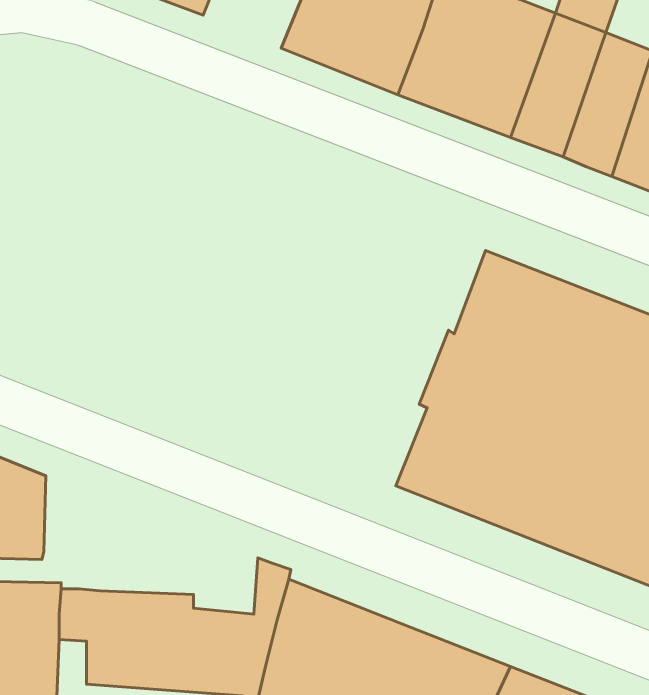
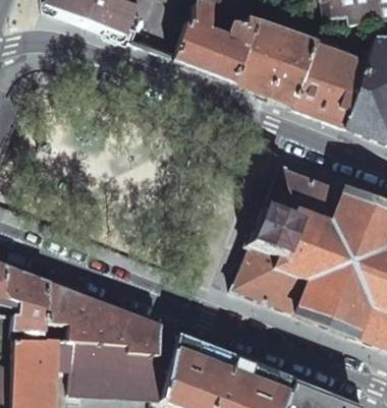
building: none -> [47,284,159,356]

